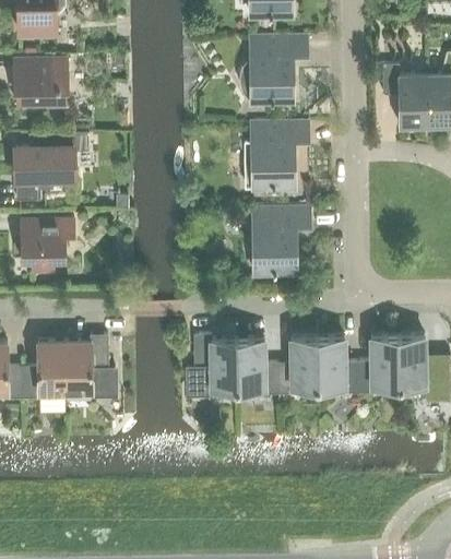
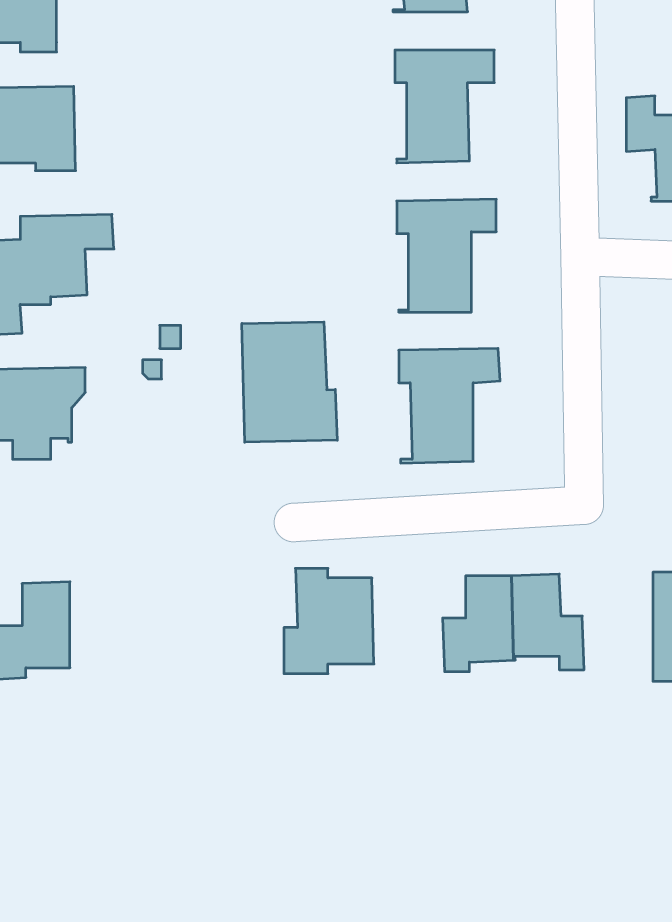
building: none -> [242,322,337,442]
building: [64,336,116,396] -> none
building: [357,336,397,392] -> none
building: [237,338,278,393] -> none

